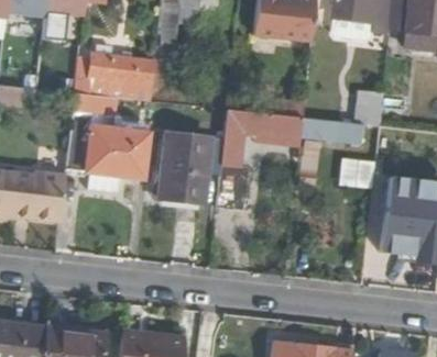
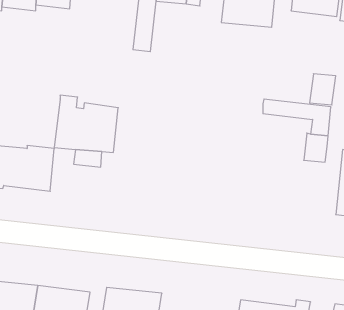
building: [74,53,154,100] -> none
building: [218,113,302,210] -> none
building: [161,131,210,201] -> none

